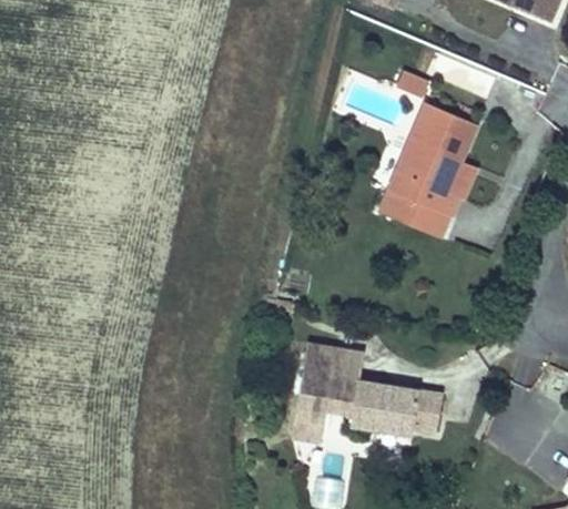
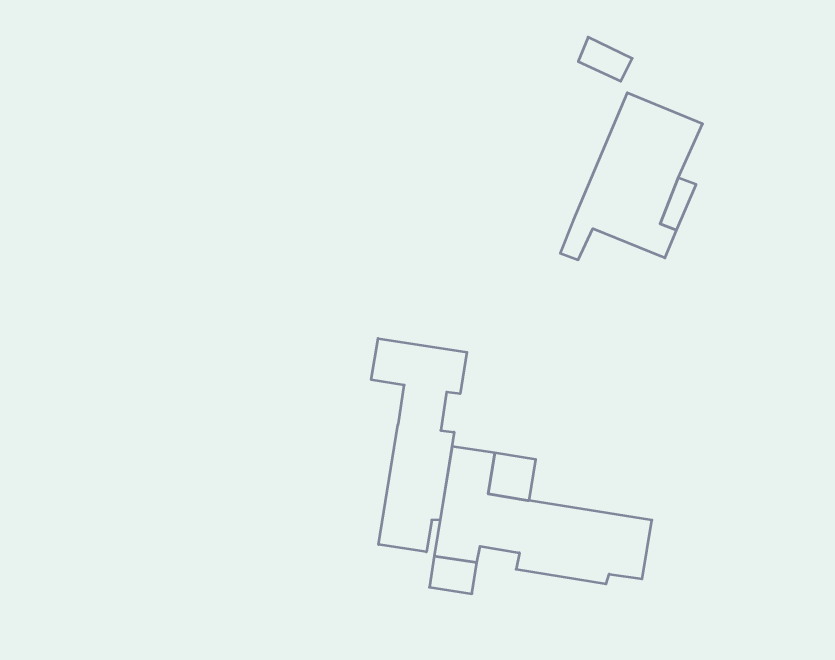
building: [393,195,449,237] -> none
building: none -> [371,338,467,552]

